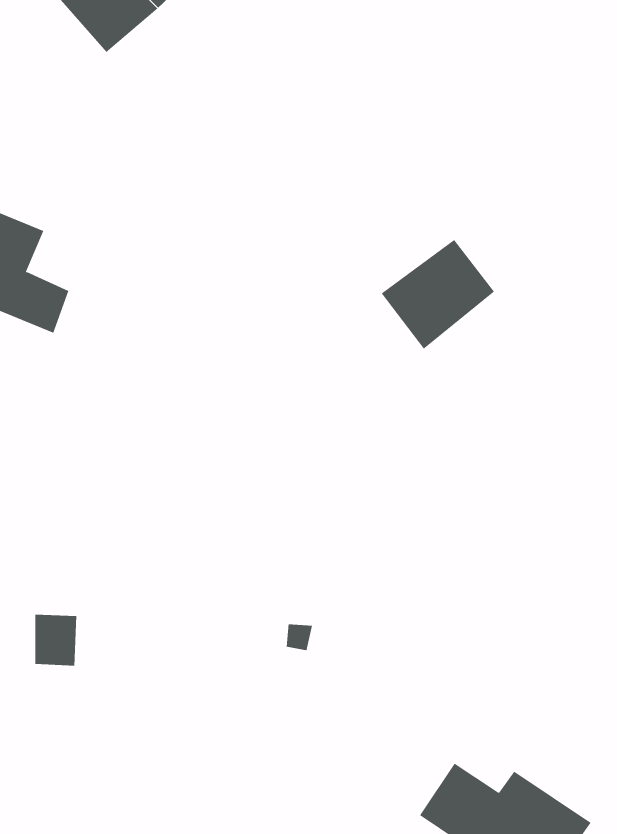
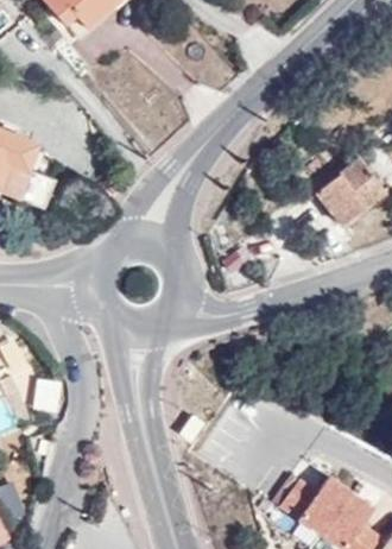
building: [381,239,495,350] -> [315,160,385,228]

